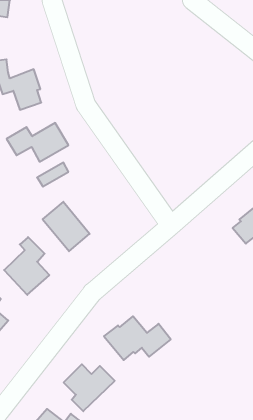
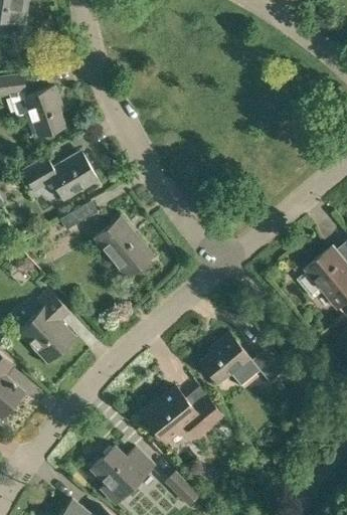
building: [43,202,90,251] -> [95,216,152,277]
building: none -> [200,332,289,384]
building: none -> [164,470,200,505]

